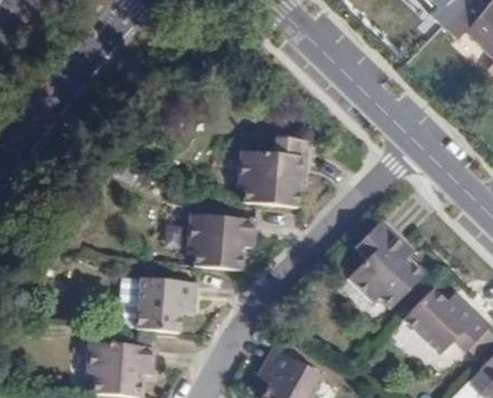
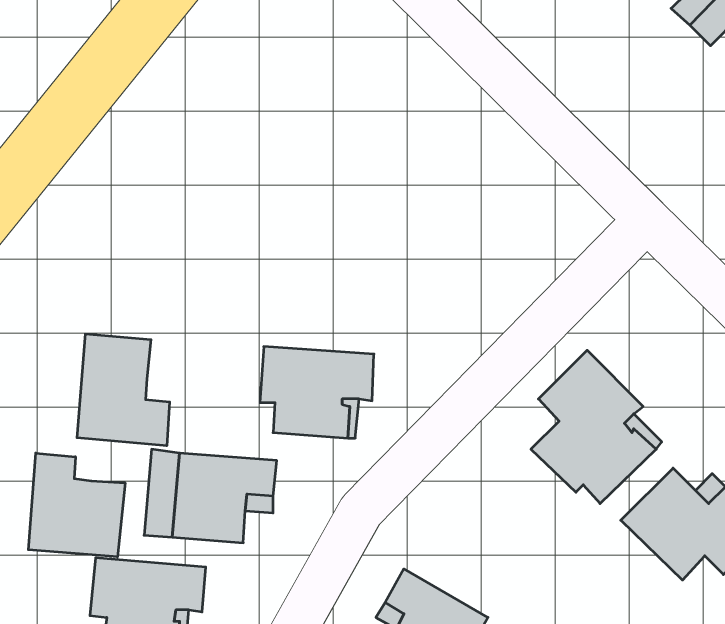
building: [238,136,309,206] -> none
building: none -> [77,334,170,446]
building: none -> [28,453,125,557]

